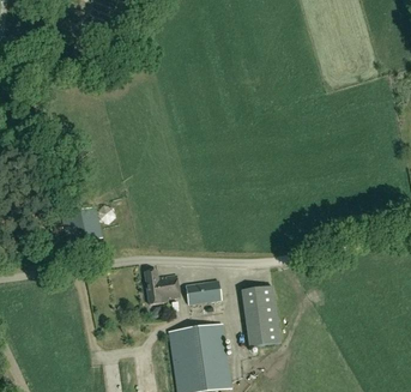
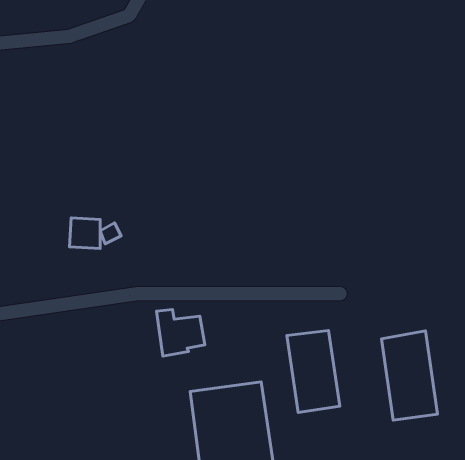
building: [186,281,220,303] -> none
building: none -> [382,331,438,420]

